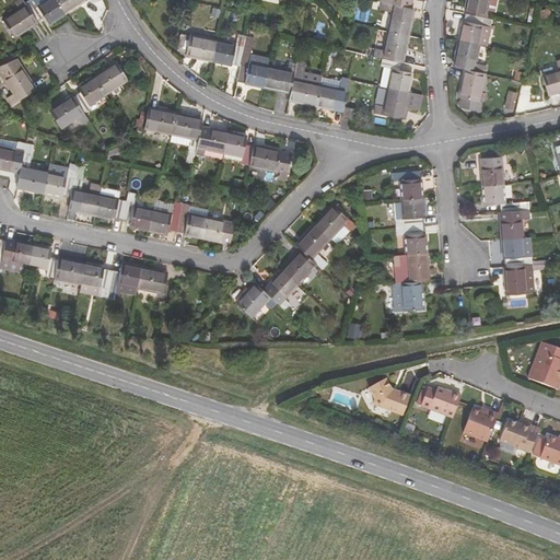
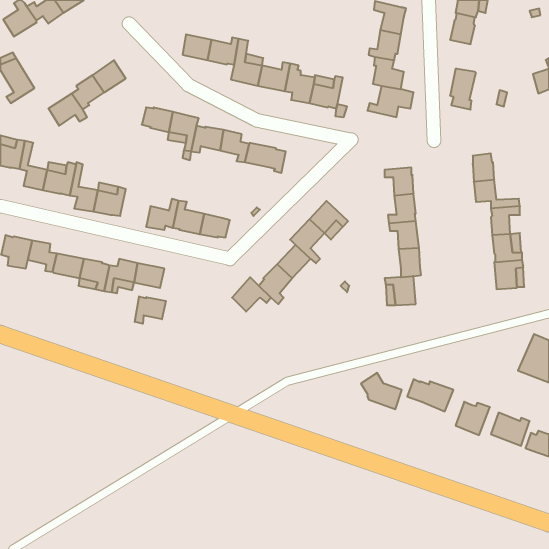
building: [455,40,485,73] -> none
building: [122,192,153,231] -> none
building: none -> [135,296,166,324]

